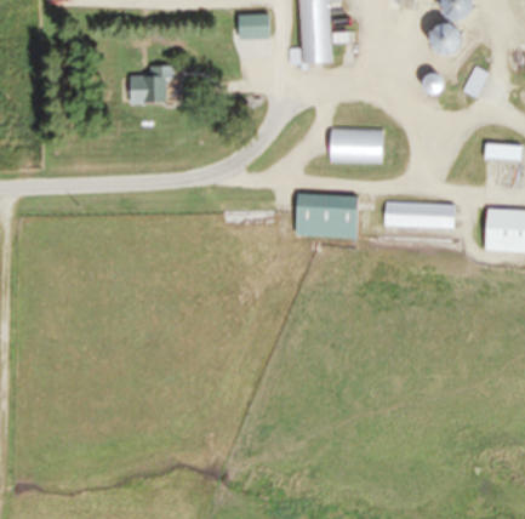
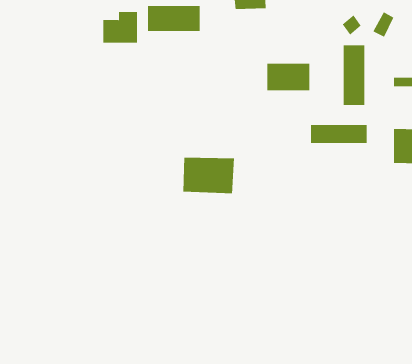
building: none -> [148,5,200,32]
building: none -> [343,44,365,106]
building: [296,194,360,239] -> [182,157,235,194]

